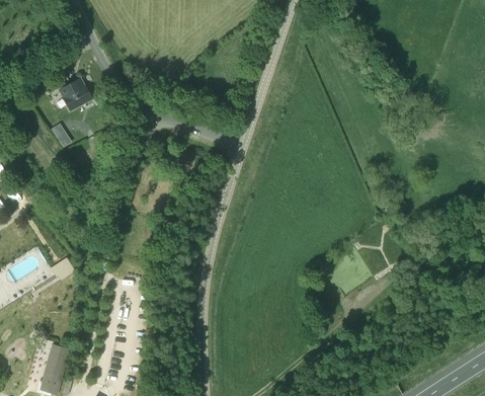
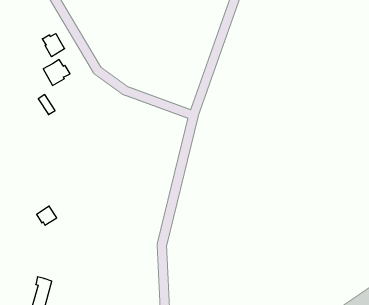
building: none -> [42,34,65,57]

